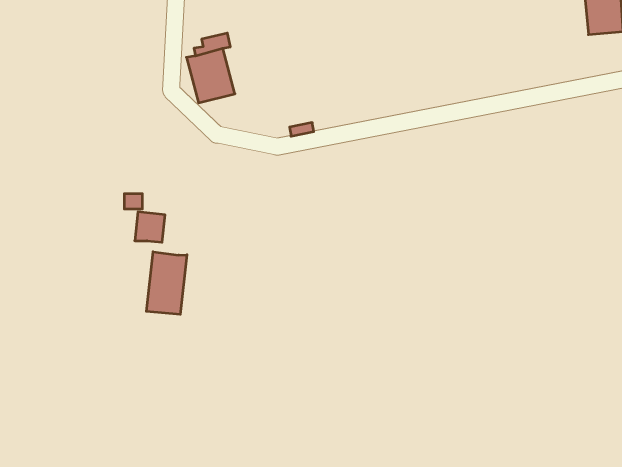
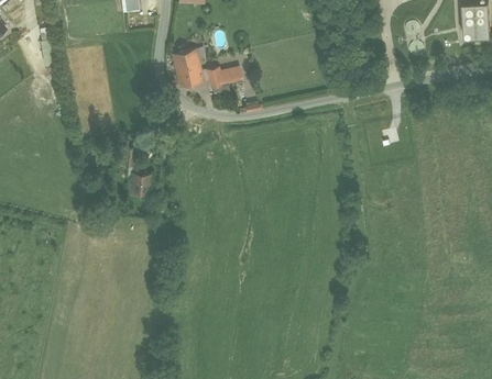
building: none -> [210,65,243,87]
building: [146,252,187,314] -> none

